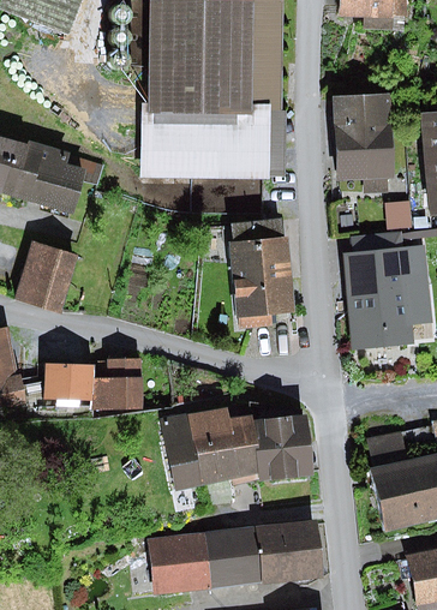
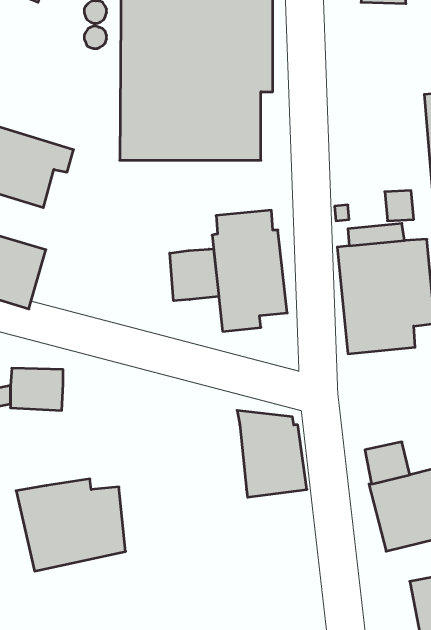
building: [331,92,389,179] -> none
building: none -> [170,249,219,301]
building: [90,355,140,407] -> none
building: [158,407,258,491] -> [16,479,126,571]
building: [146,519,323,593] -> none

